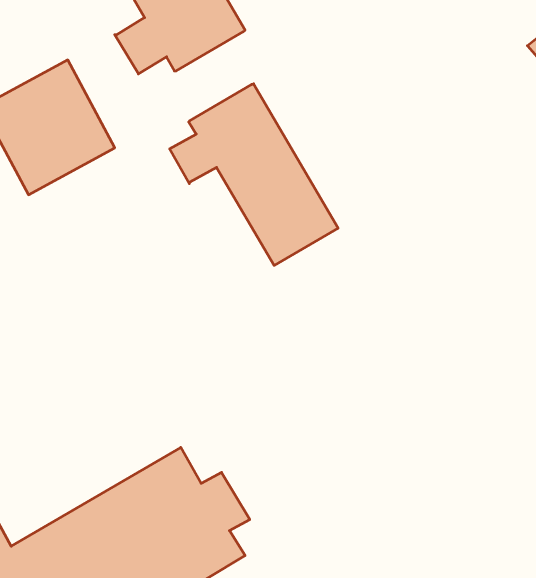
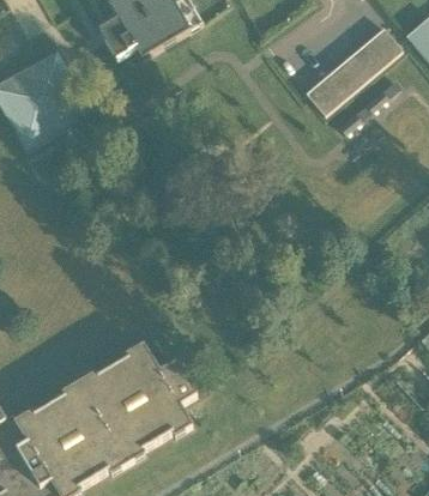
building: none -> [307,30,403,116]
building: [170,84,338,265] -> none

